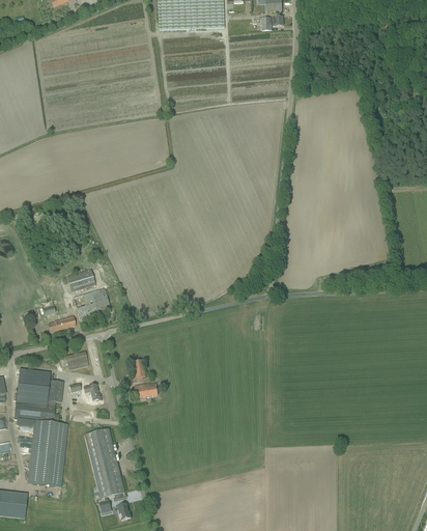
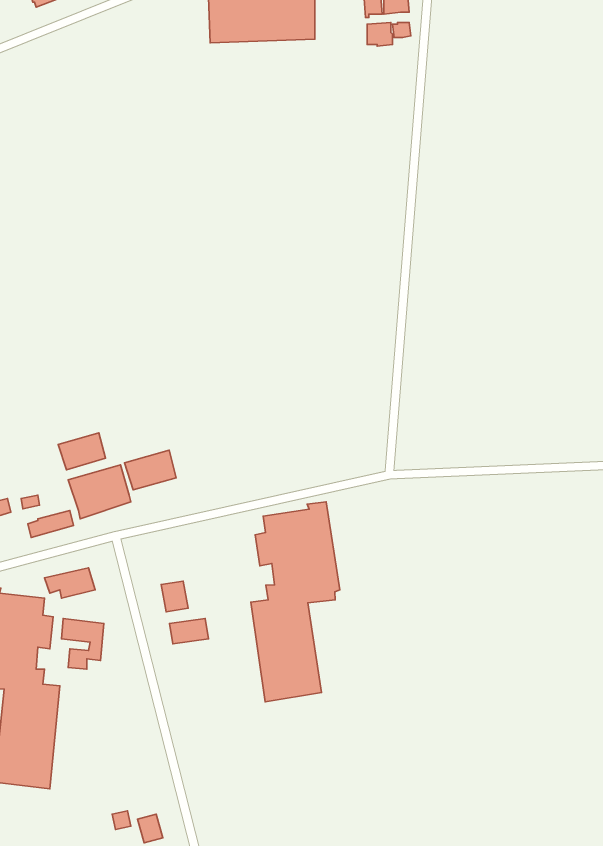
building: none -> [125,450,176,490]
building: none -> [251,502,340,702]
building: [85,427,125,498] -> none

